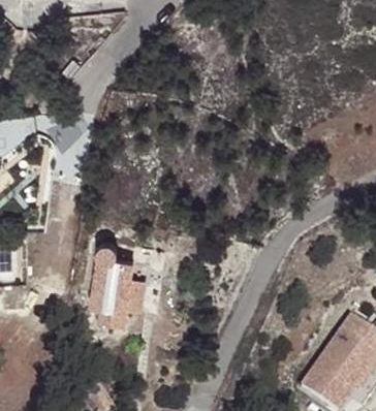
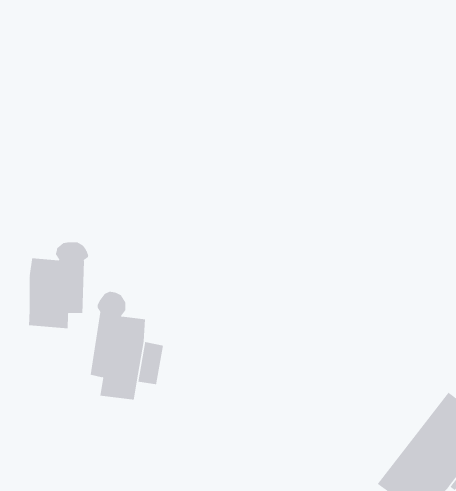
building: none -> [29,241,89,329]

